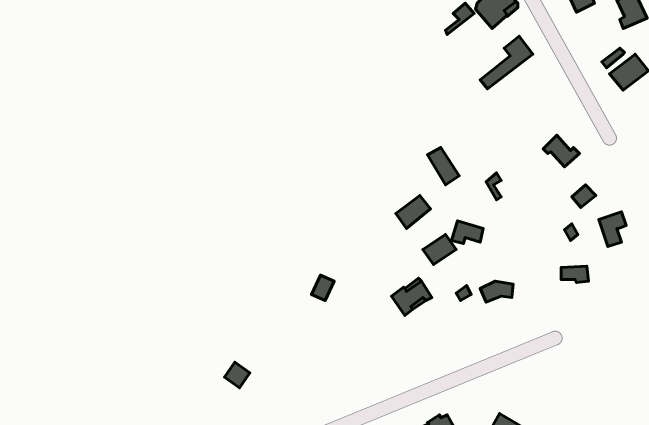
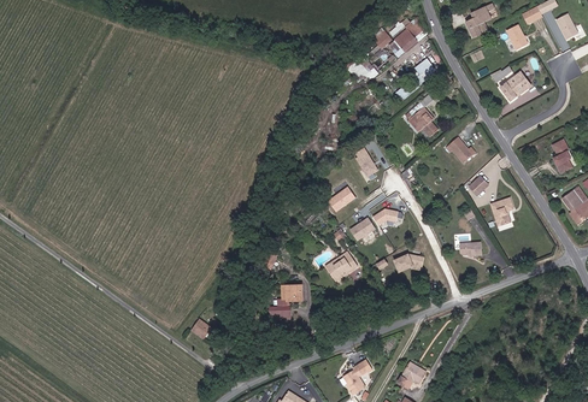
building: none -> [405,102,439,137]
building: none -> [269,285,301,320]

